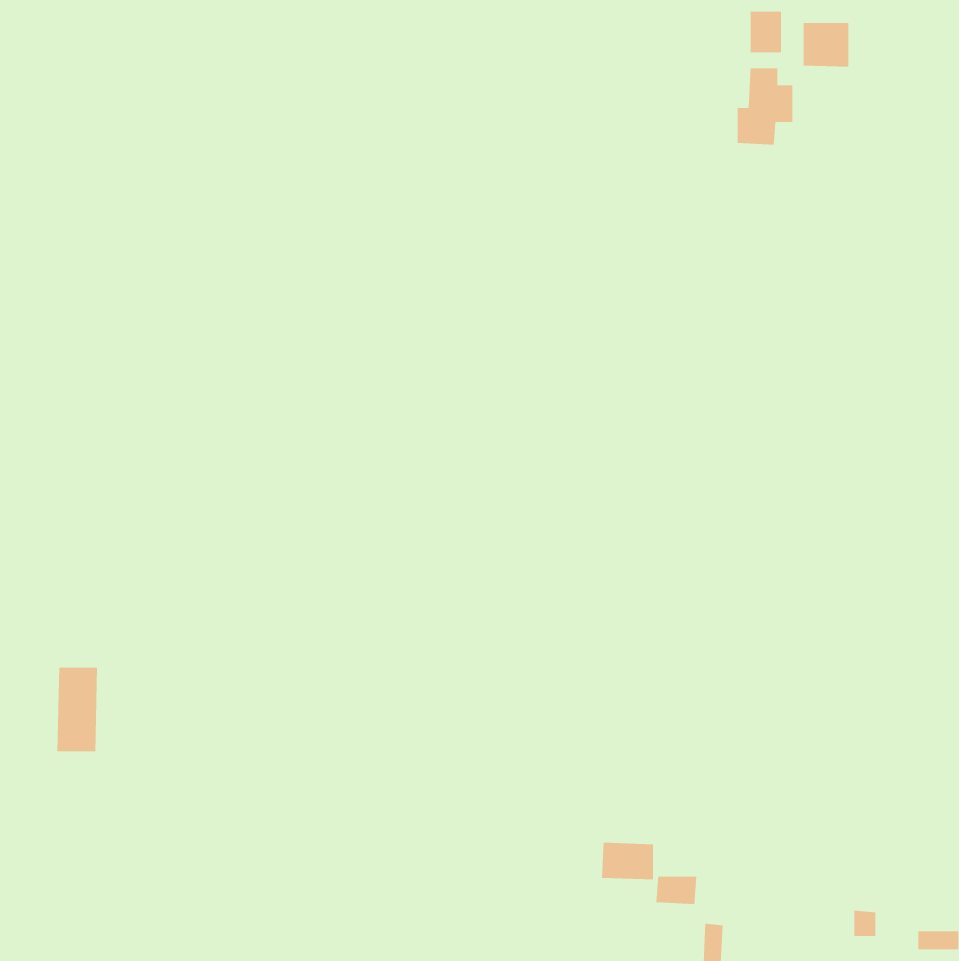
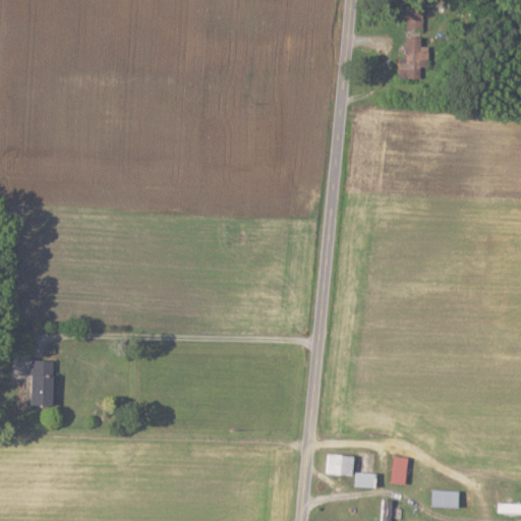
building: [803,22,849,67] -> none
building: none -> [390,458,407,485]
building: none -> [431,490,459,509]

